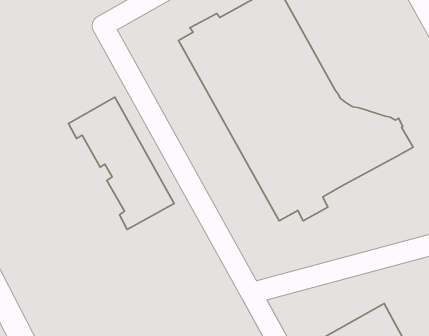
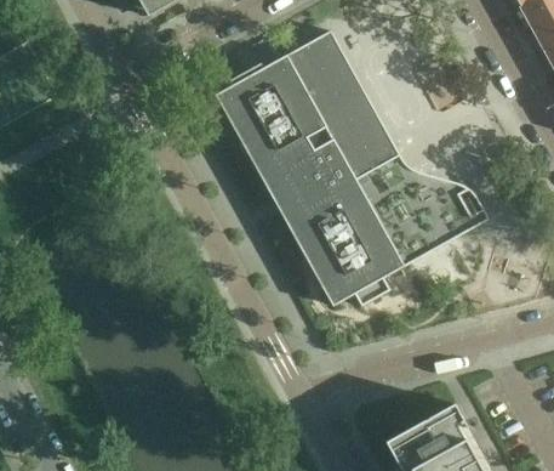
building: [69,97,174,230] -> none

